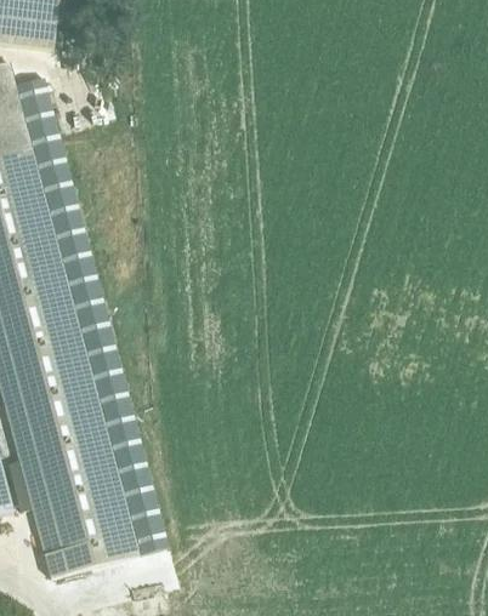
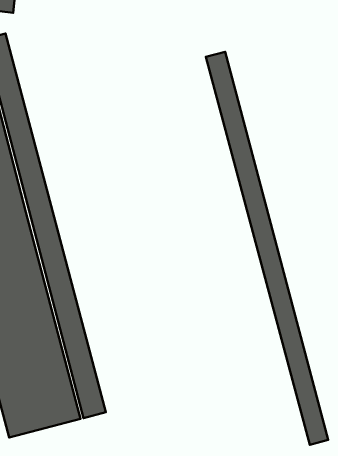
building: none -> [206,52,328,445]

